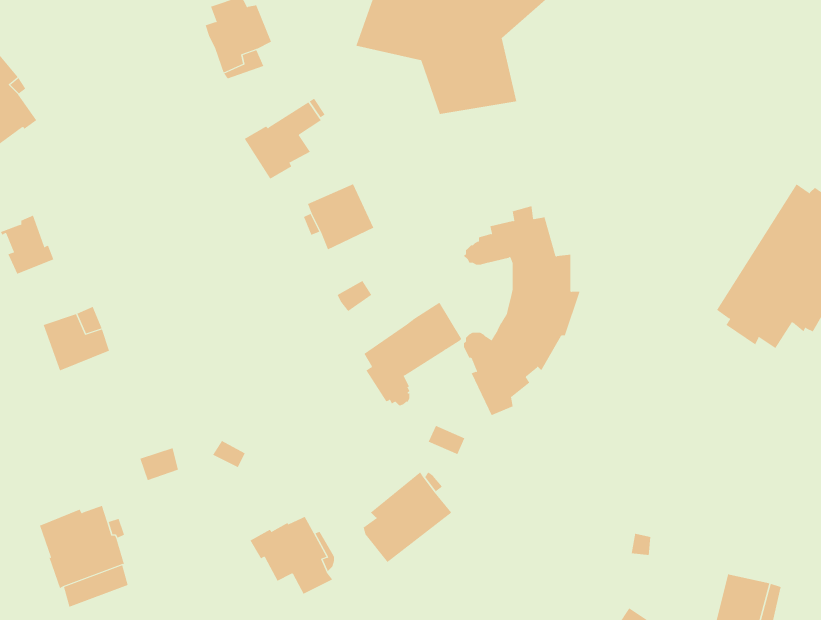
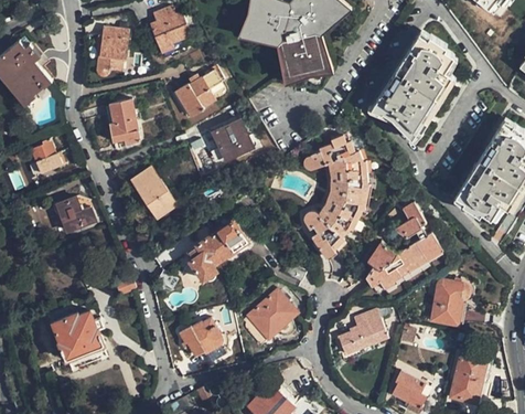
building: none -> [97,29,129,75]
building: none -> [368,33,453,139]
building: none -> [105,102,141,144]
building: none -> [129,167,175,219]
building: [364,302,462,406] -> [188,223,246,285]
building: none -> [365,202,443,289]
building: none -> [432,280,469,323]
building: none -> [338,309,387,354]

